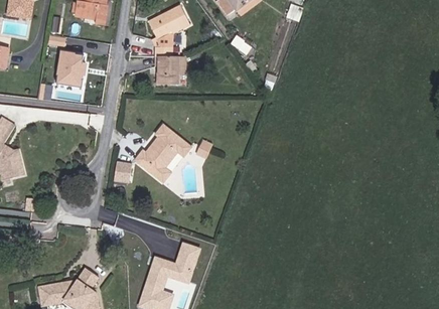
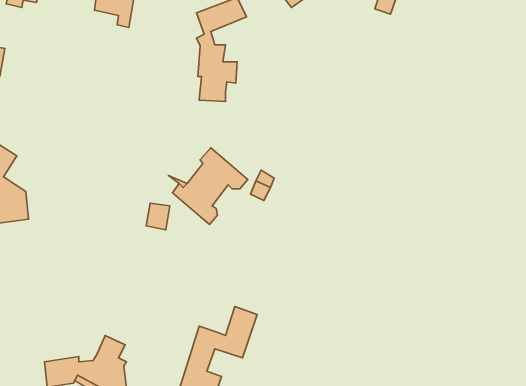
building: [54,49,87,88] -> none

